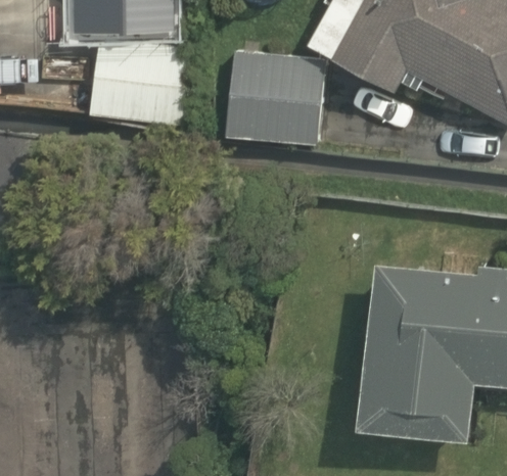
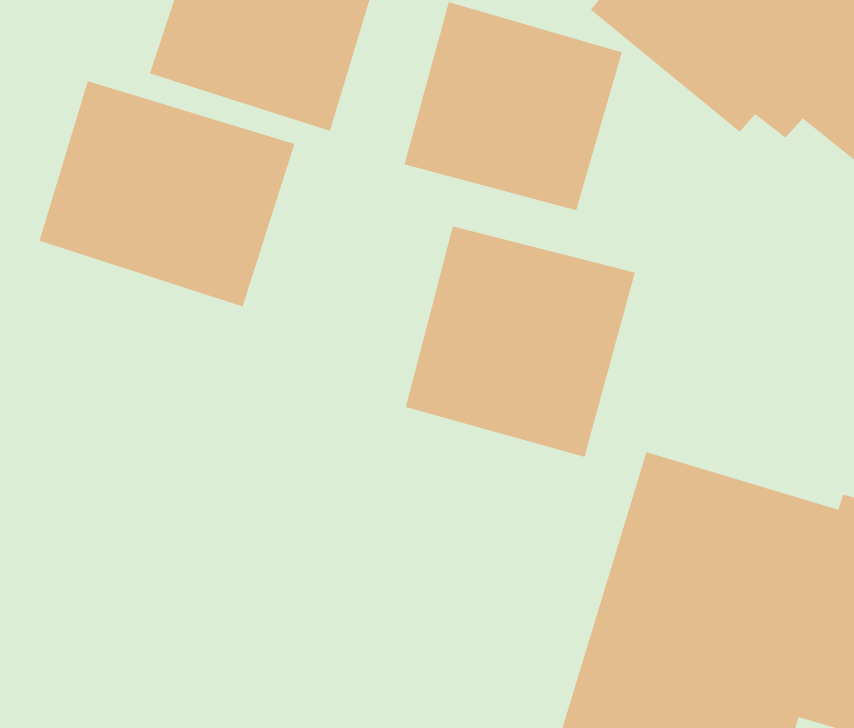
building: none -> [39,80,295,308]
building: none -> [405,225,636,458]

